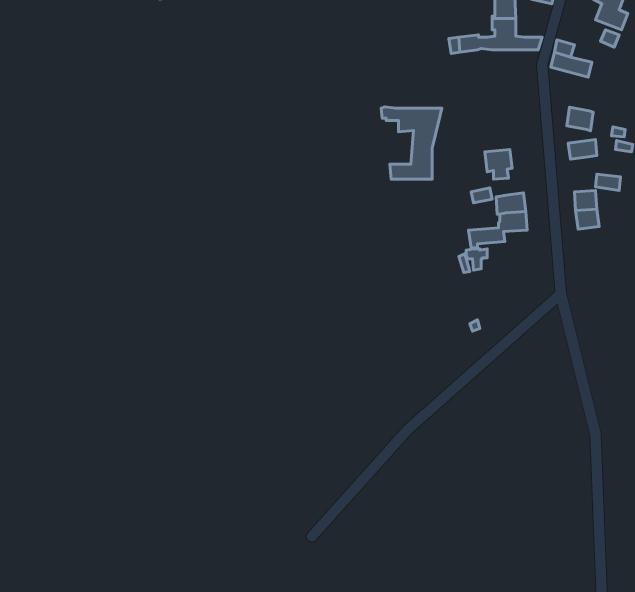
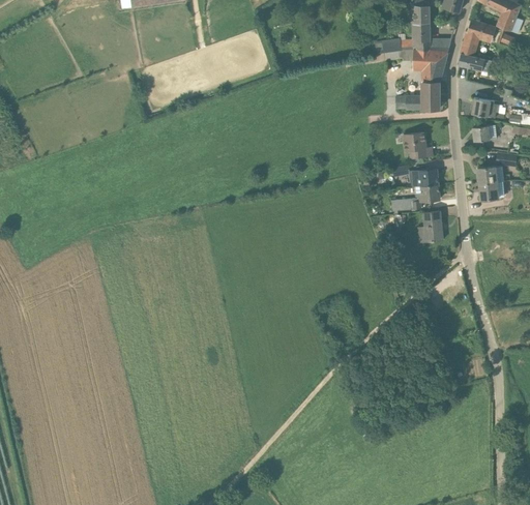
building: none -> [466,20,496,42]
building: [381,107,442,179] -> [398,49,448,109]
building: none -> [417,211,443,243]

